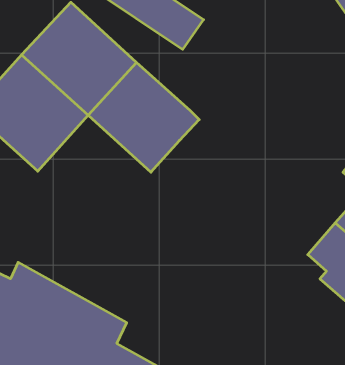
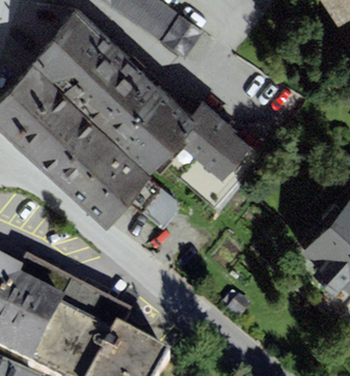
building: none -> [179,94,250,173]
building: none -> [45,112,180,220]

